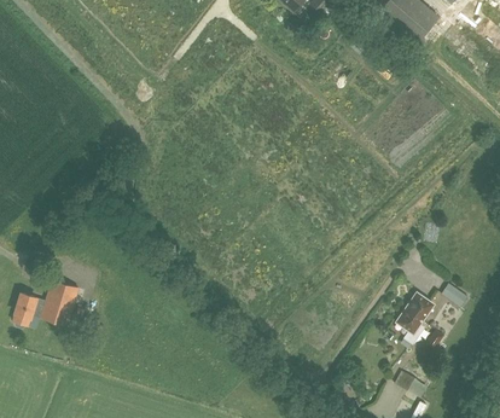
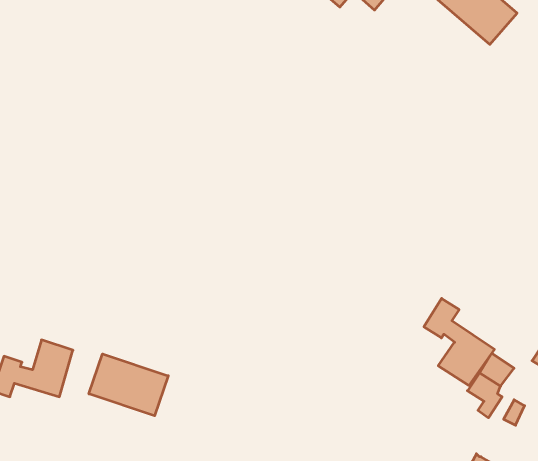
building: none -> [424,298,494,385]
building: none -> [89,354,168,416]

